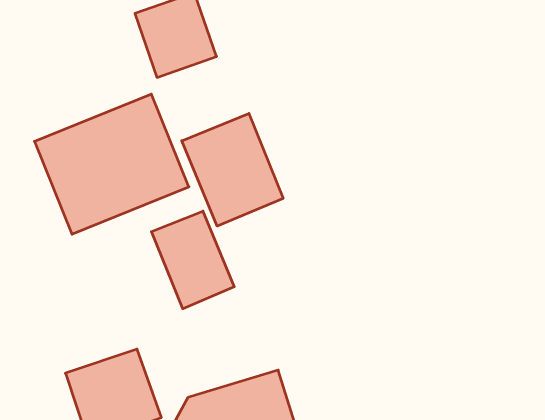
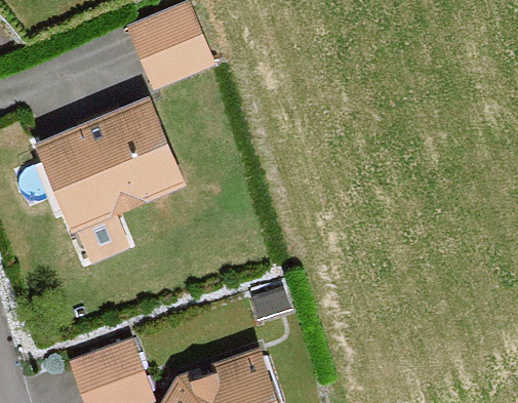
building: [182,113,283,226] -> none
building: [151,211,234,309] -> none

